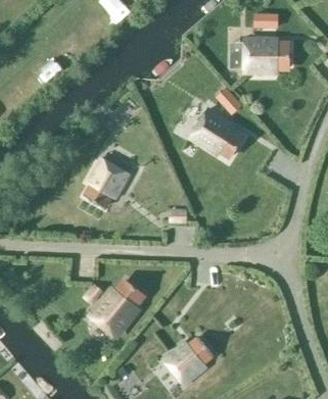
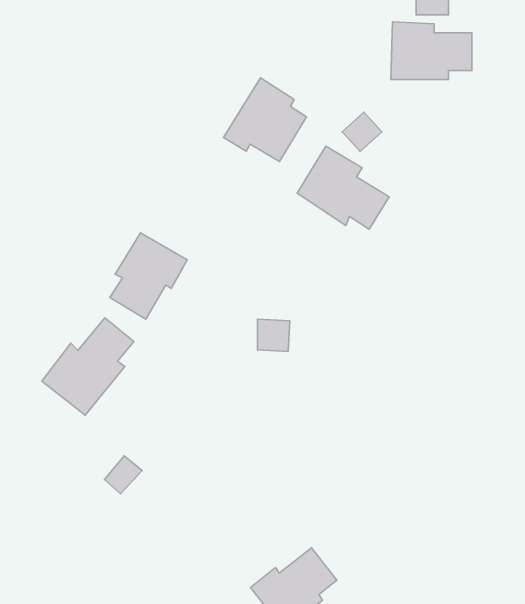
building: none -> [224,78,307,161]
building: [93,280,145,335] -> [42,318,134,415]

